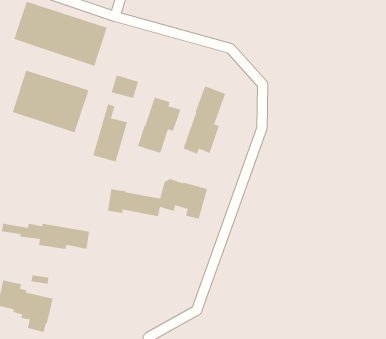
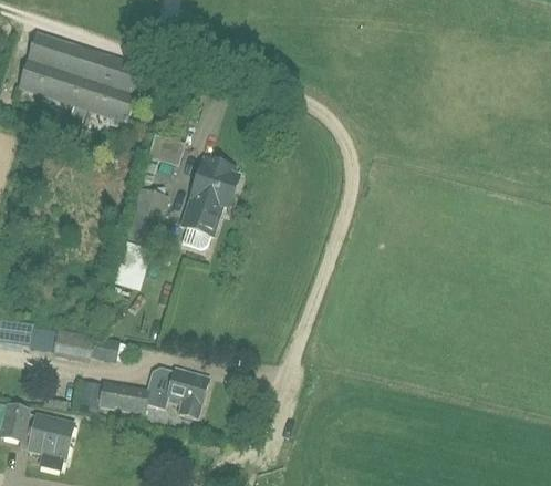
building: [12,70,89,133] -> none
building: [183,85,226,154] -> none
building: [107,179,208,219] -> [76,364,208,417]

